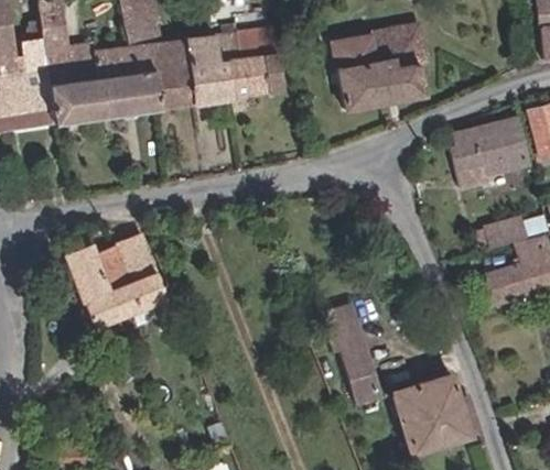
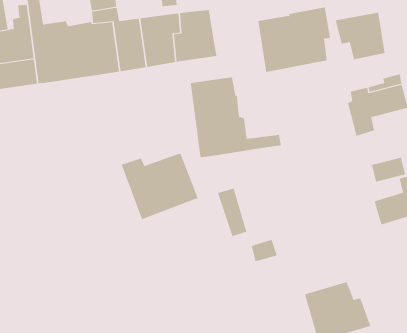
building: none -> [335,12,385,60]
building: none -> [190,76,282,158]
building: [65,240,164,325] -> [121,153,198,220]
building: [338,342,377,405] -> [217,188,247,237]

